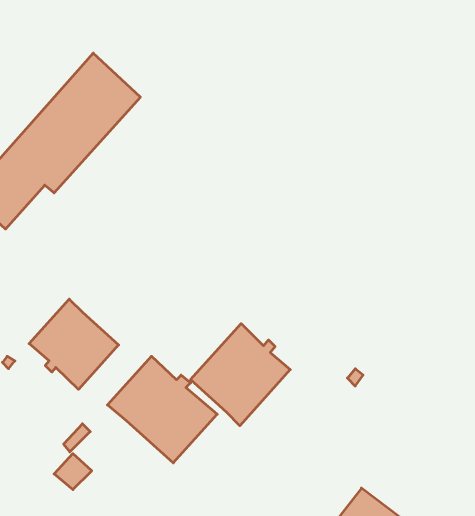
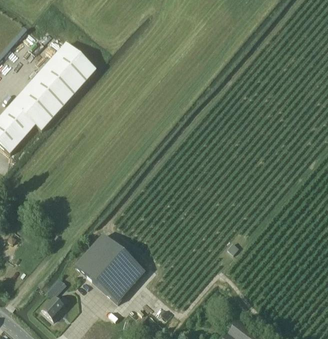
building: [29,299,119,389] -> none
building: [191,324,290,426] -> none

